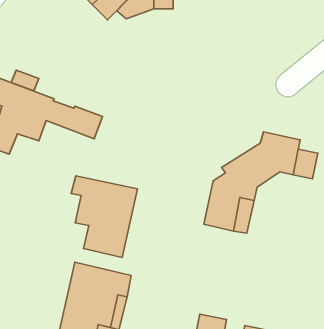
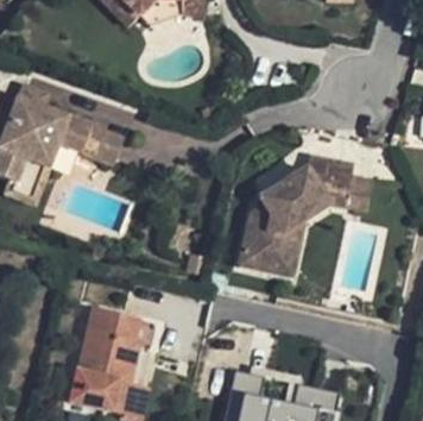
building: [71,176,137,258] -> none

